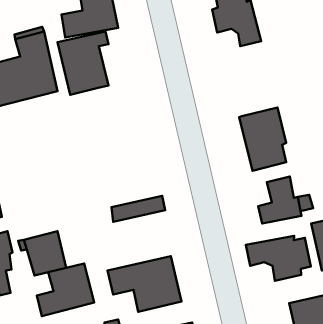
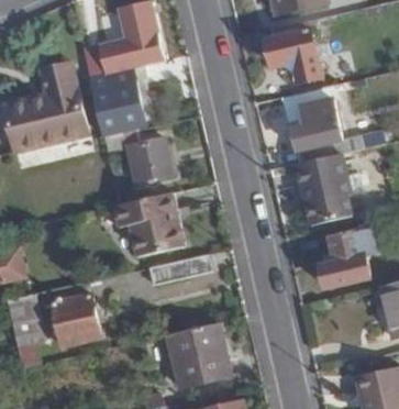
building: none -> [292,99,363,162]
building: none -> [103,130,170,181]
building: none -> [113,191,185,255]
building: [246,236,311,281] -> none
building: [37,263,94,316] -> none

